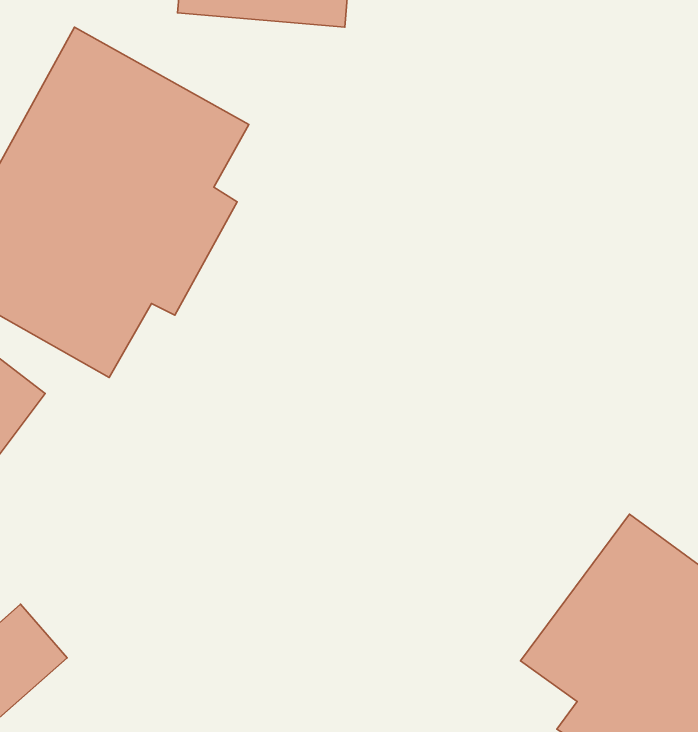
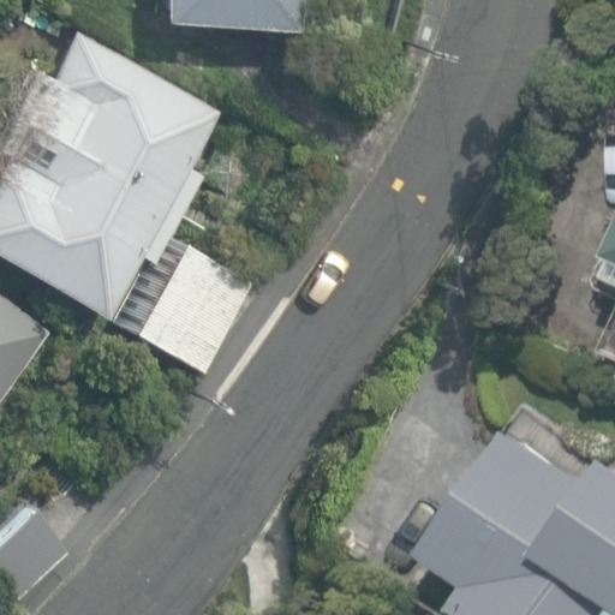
building: none -> [119,239,241,369]

